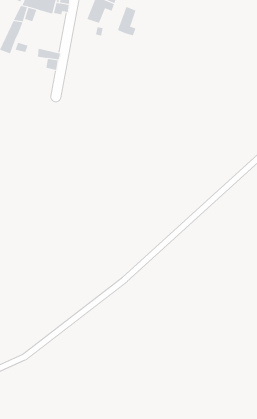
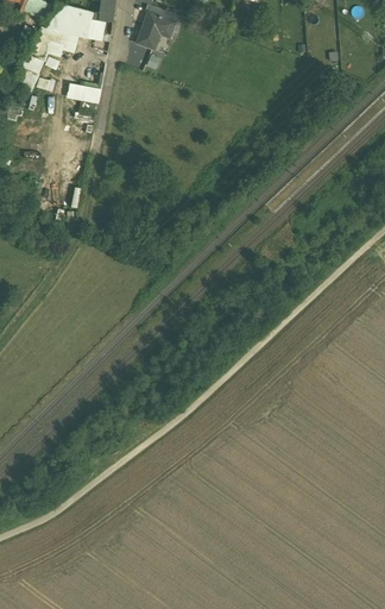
building: [117,6,136,36] -> none

